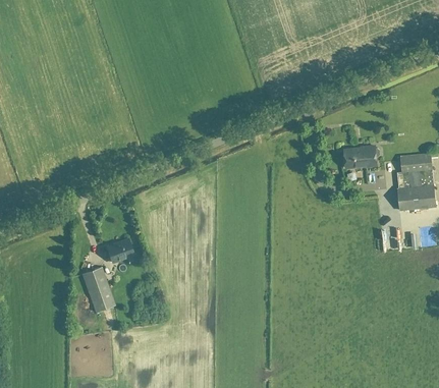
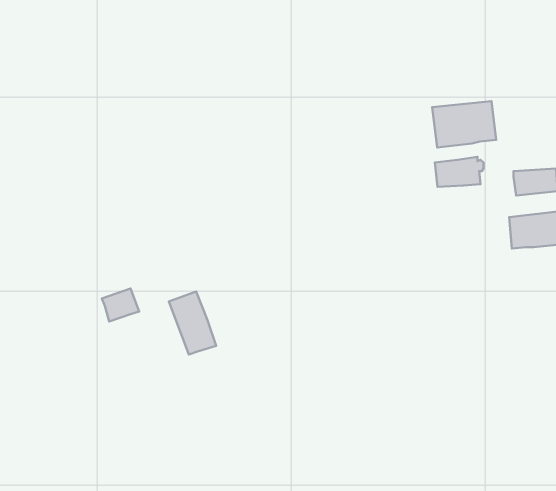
building: none -> [432,101,496,147]
building: [80,267,114,312] -> [169,291,216,354]

